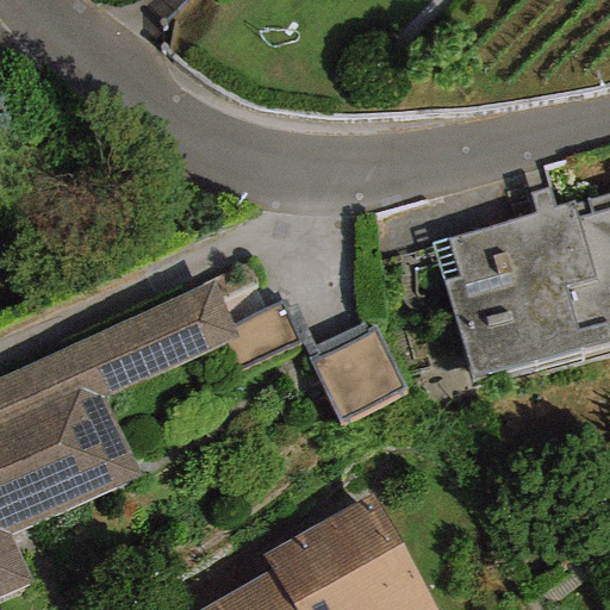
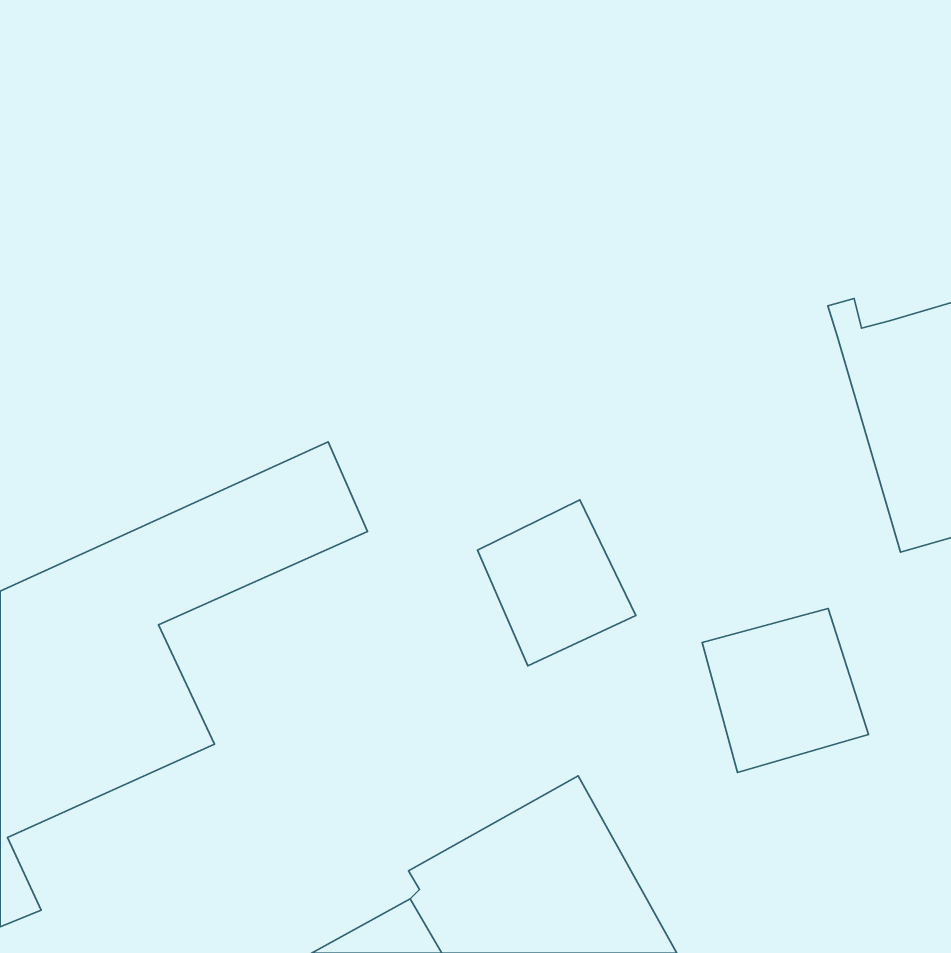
building: [430,214,577,380] -> none
building: none -> [702,609,869,773]

